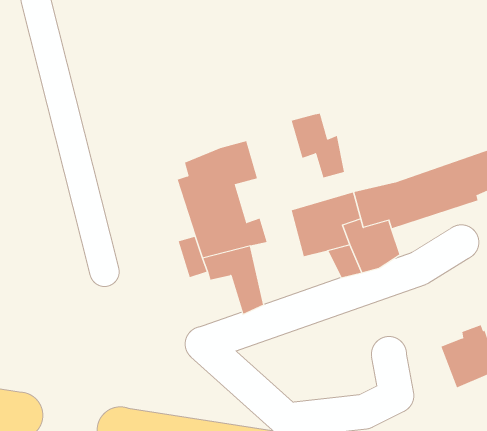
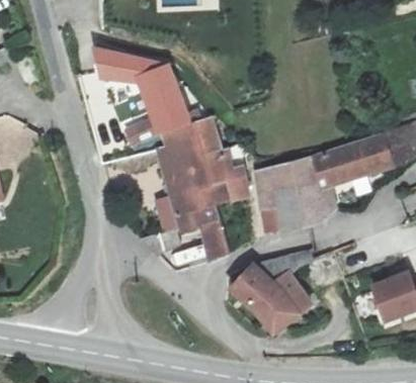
building: none -> [93,47,190,147]
building: [291,113,345,178] -> [203,147,248,200]
building: none -> [231,263,312,332]

